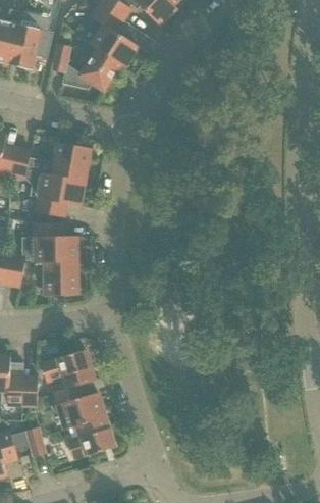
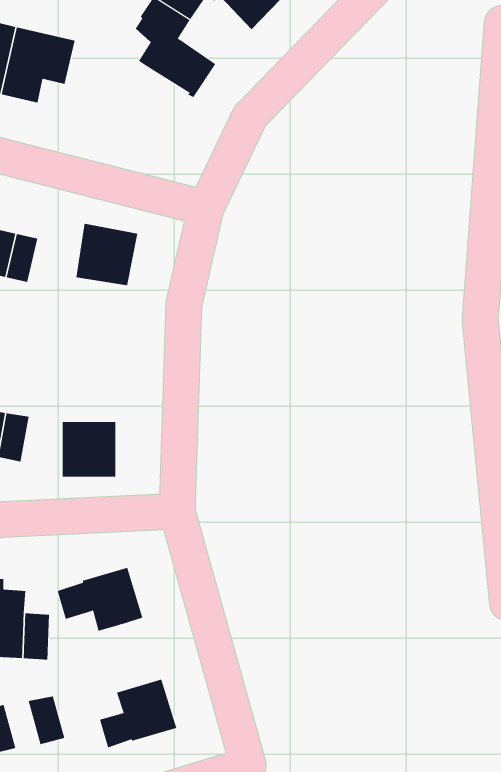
building: [51,42,121,90] -> none
building: [37,171,85,215] -> none
building: [35,221,77,261] -> none
building: [54,383,105,427] -> none

